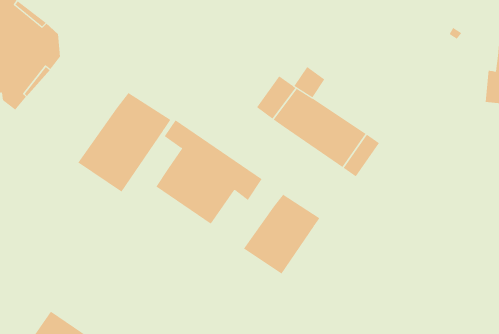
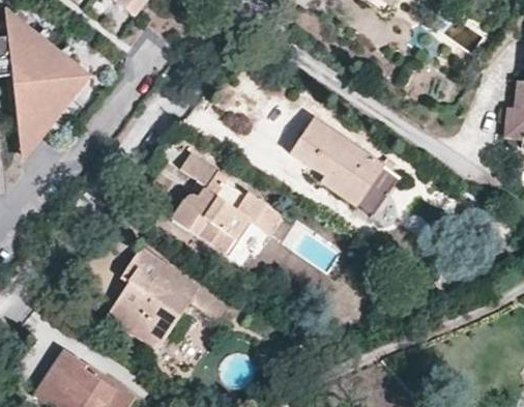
building: [78,92,171,193] -> none
building: [243,194,320,275] -> none
building: none -> [108,248,231,350]

